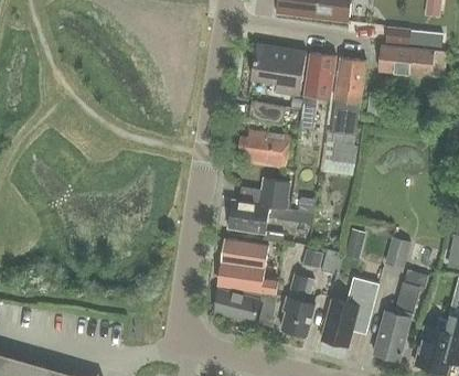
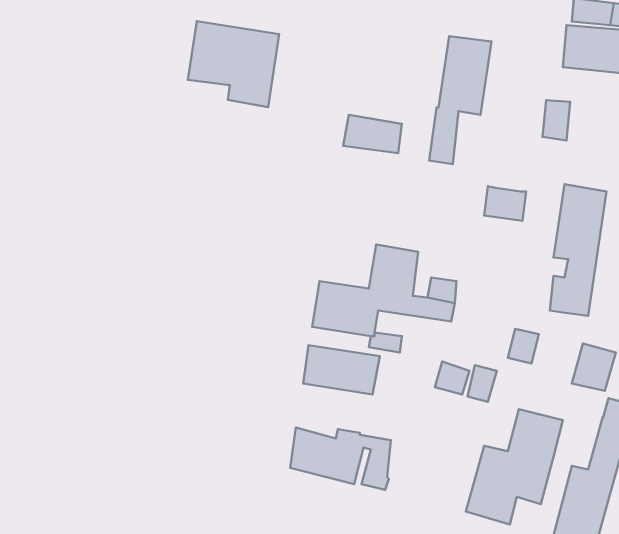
building: [252,43,307,95] -> [188,21,279,107]
building: [332,56,366,136] -> [550,184,607,316]
building: [239,129,290,168] -> none
building: [220,261,278,293] -> none
building: [281,273,316,335] -> none

